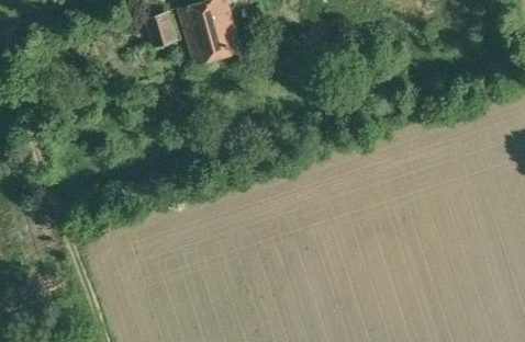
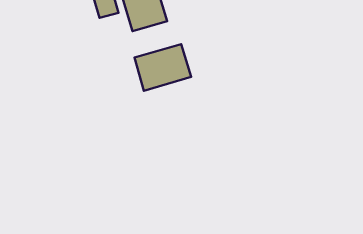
building: none -> [135,44,191,91]

